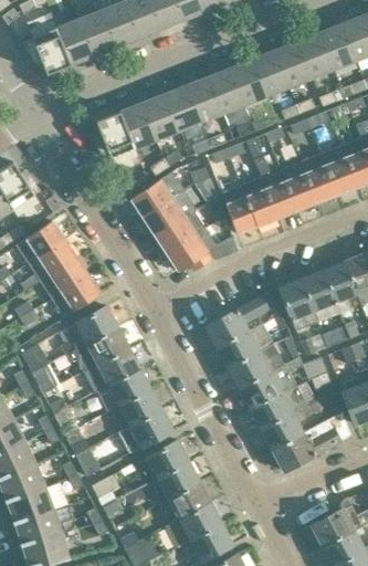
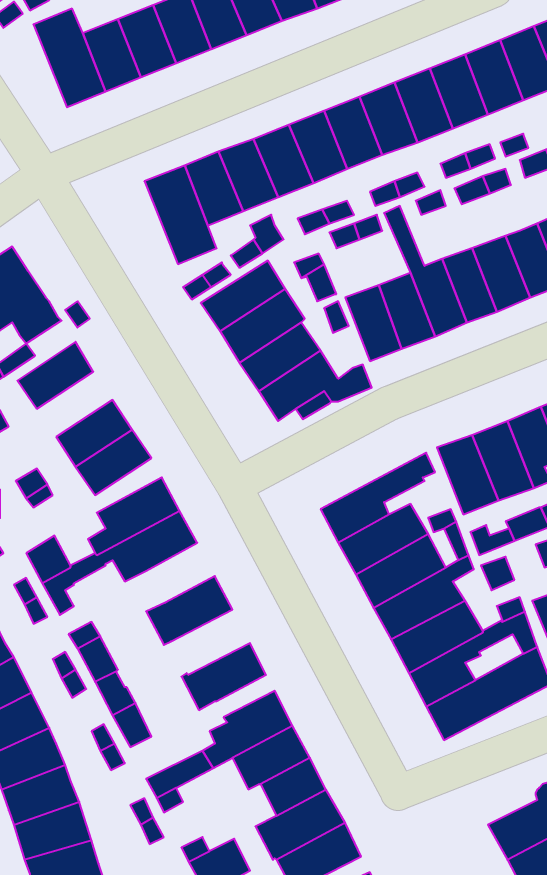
building: [20,240,75,290] -> none
building: [96,347,139,385] -> none
building: [112,389,161,430] -> none

